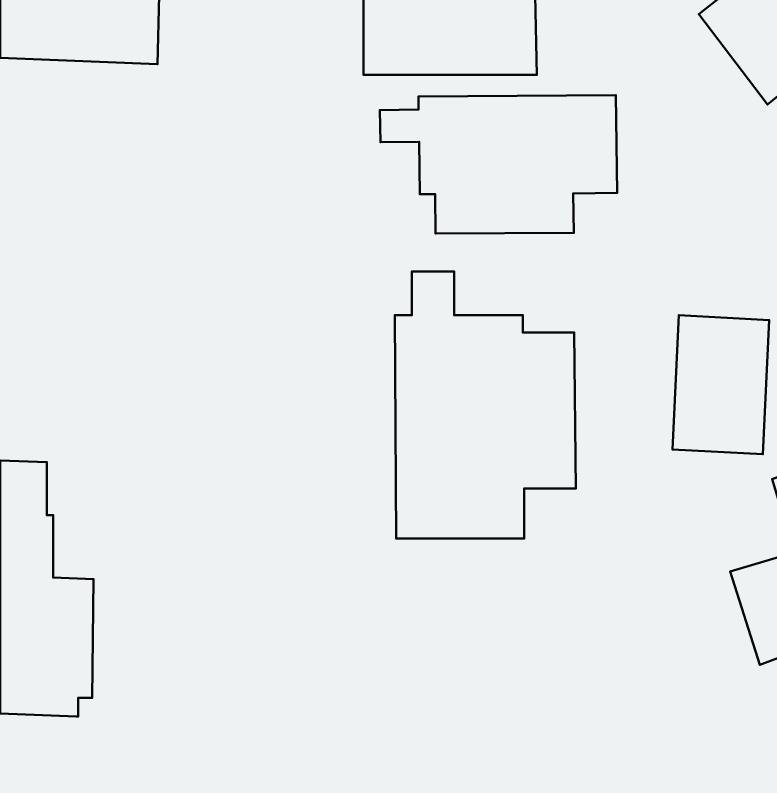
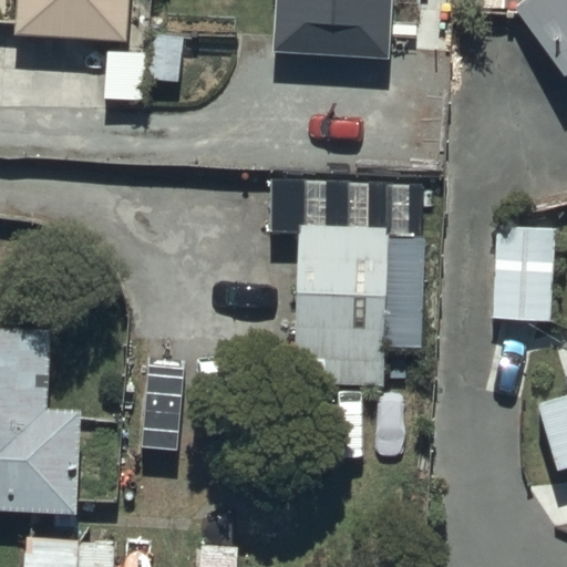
building: [380,95,617,233] -> none

